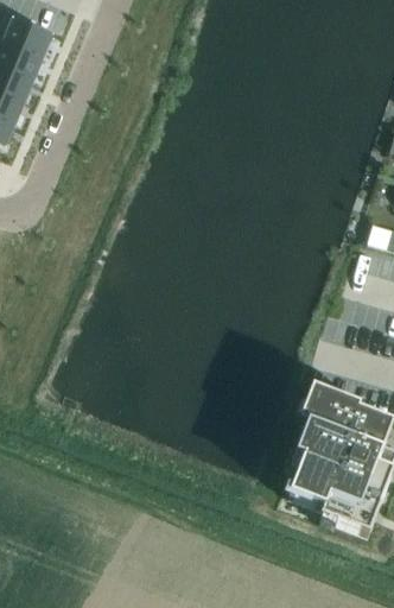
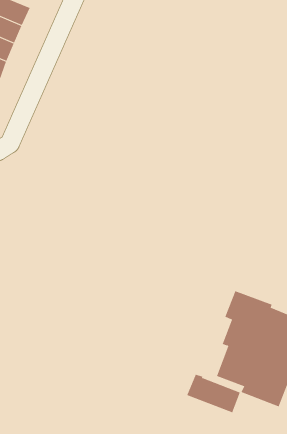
building: none -> [187,374,241,413]

